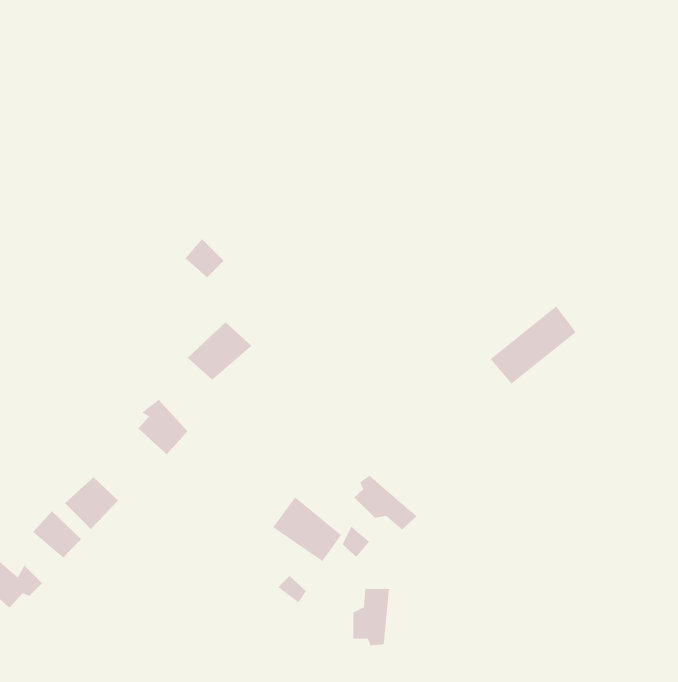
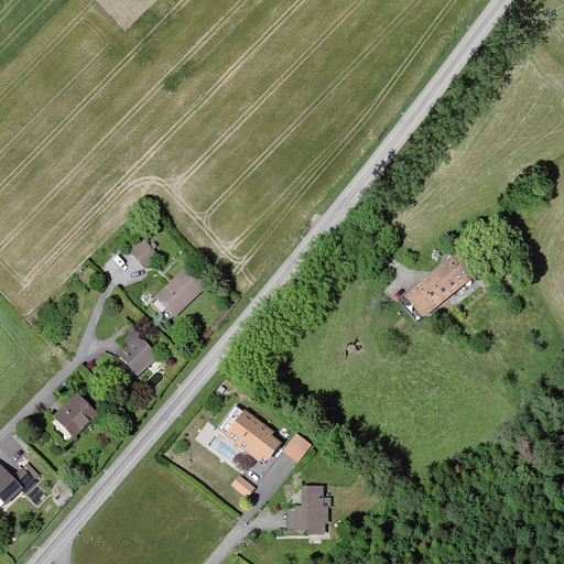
building: [185,238,225,278] -> [124,234,158,267]
building: [354,475,418,531] -> none
building: [32,510,82,559] -> none

